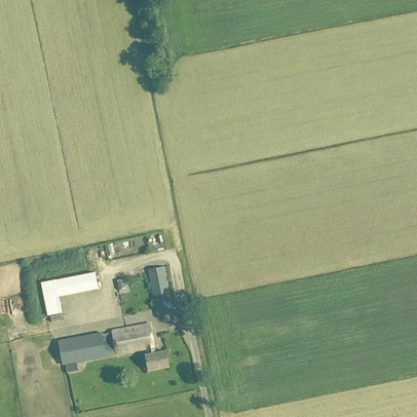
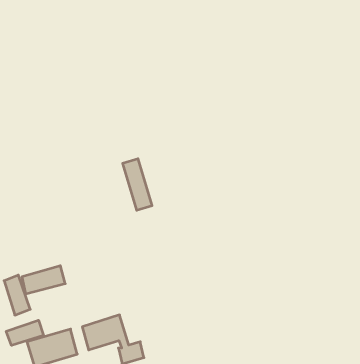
building: [148,266,173,315] -> [123,159,152,210]
building: none -> [6,320,43,345]

